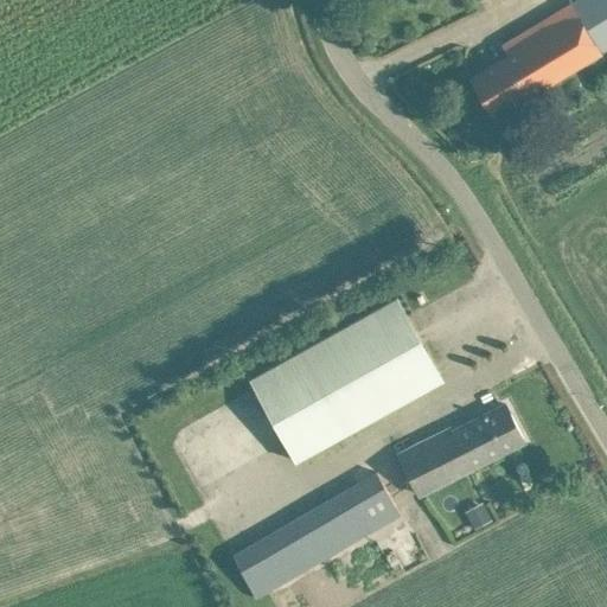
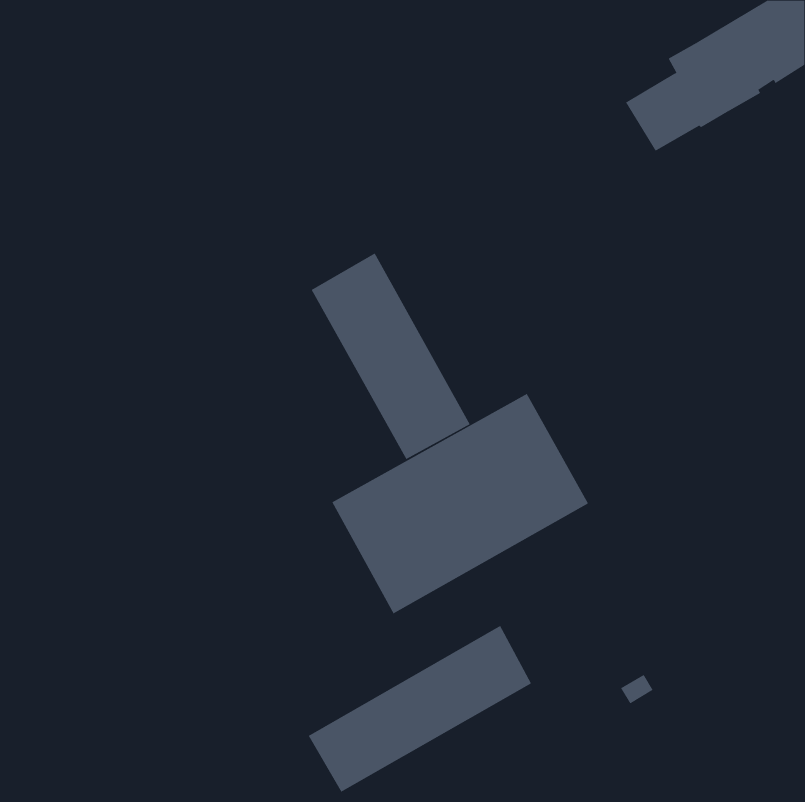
building: none -> [311,252,470,460]
building: [397,407,524,498] -> none

